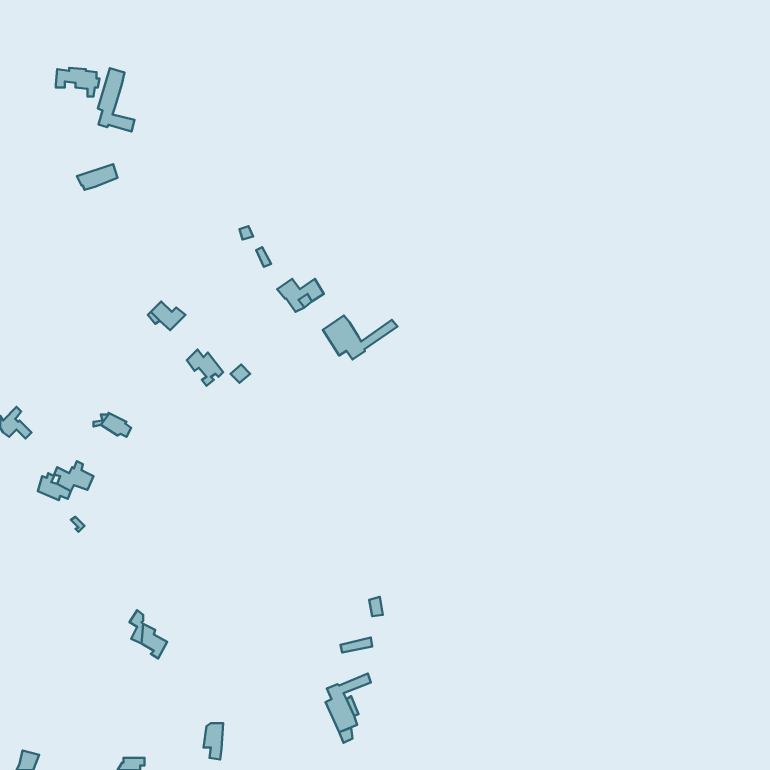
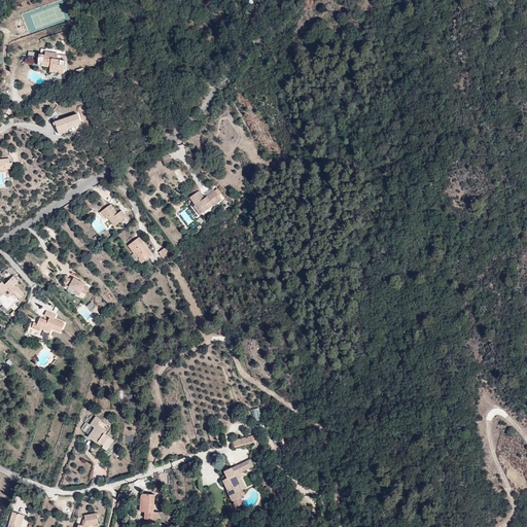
building: [98,68,134,132] -> none
building: [323,315,398,360] -> none

